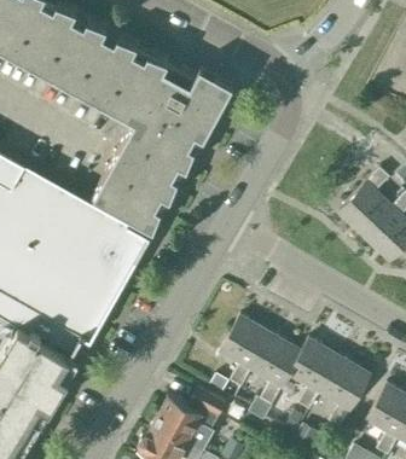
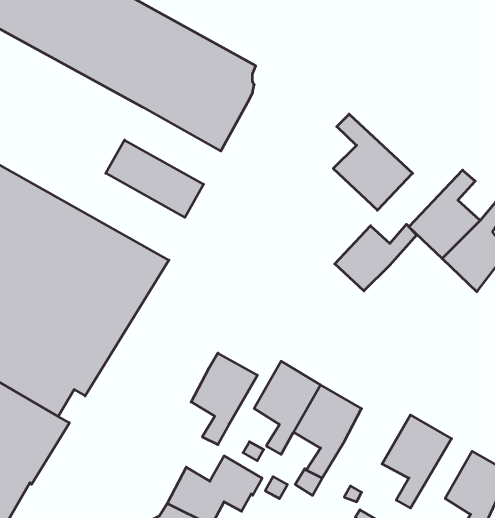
building: [120,124,193,184] -> none
building: none -> [333,114,413,210]
building: [92,175,166,233] -> none
building: none -> [335,224,417,291]
building: [288,343,338,413] -> [191,353,257,445]

